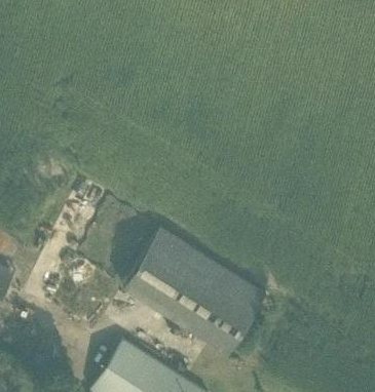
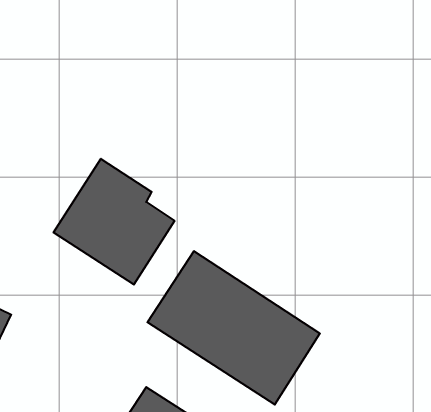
building: none -> [54,159,174,285]

